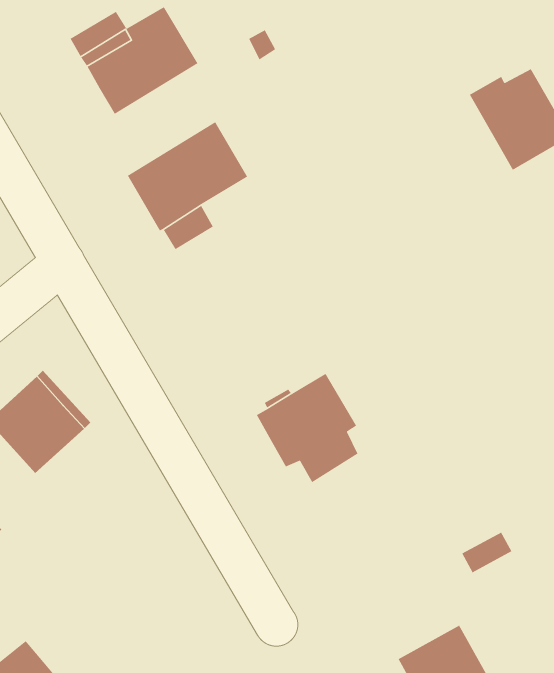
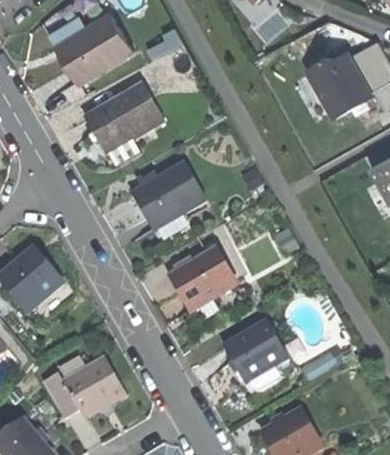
building: none -> [131,162,204,237]
building: none -> [224,320,287,389]
building: none -> [42,355,126,418]

